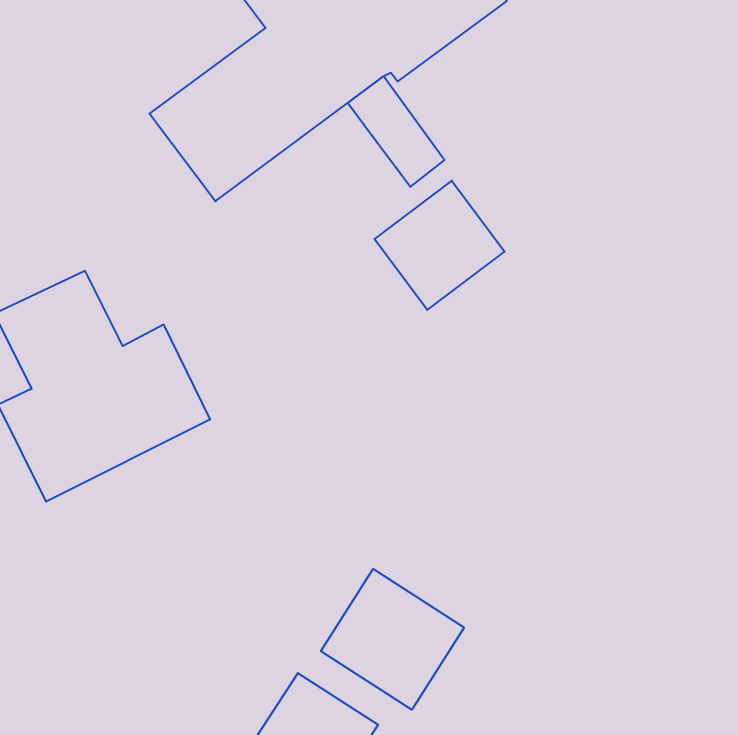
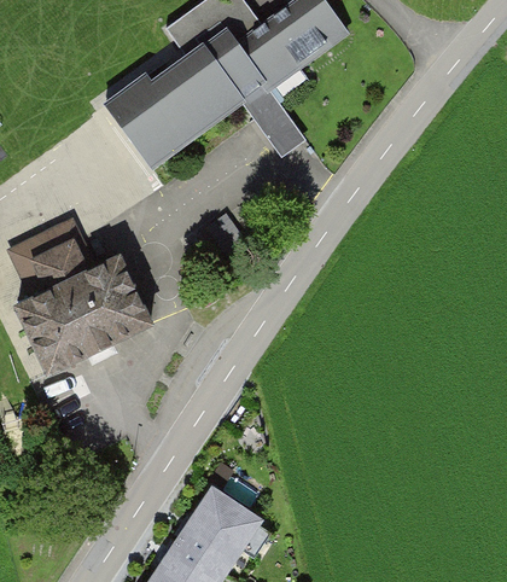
building: [374,181,505,310] -> none
building: [321,569,464,710] -> none

